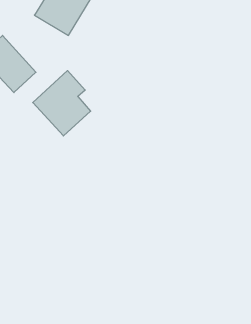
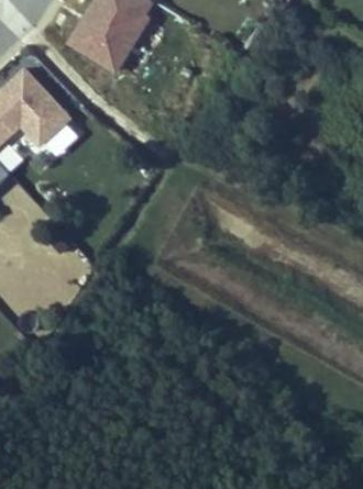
building: [33,71,91,136] -> none

